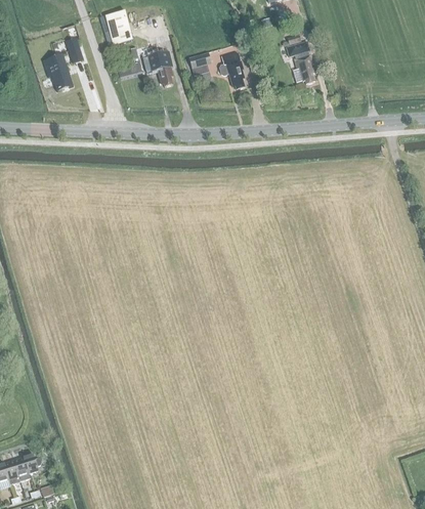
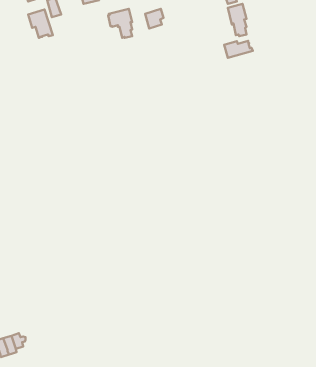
building: [216,52,243,90] -> none
building: none -> [224,41,253,58]

